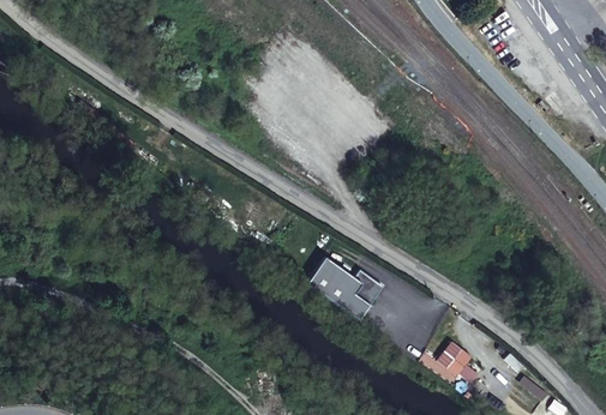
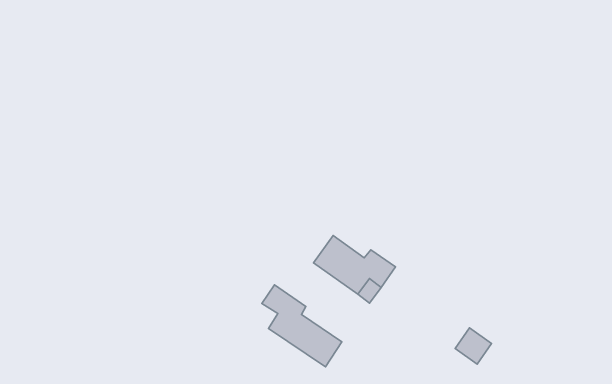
building: none -> [262,285,342,367]

